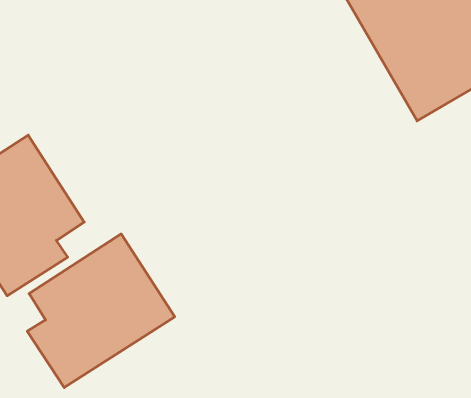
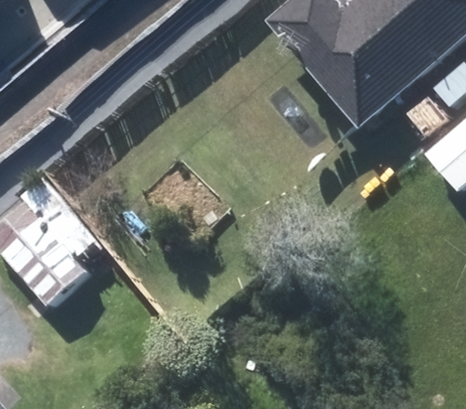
building: [27,234,175,388] -> none

